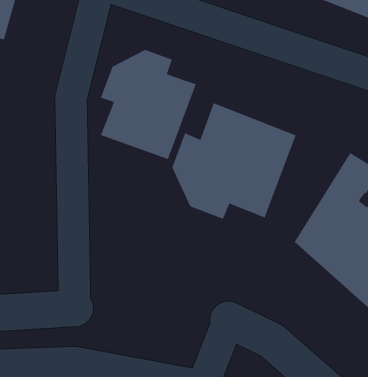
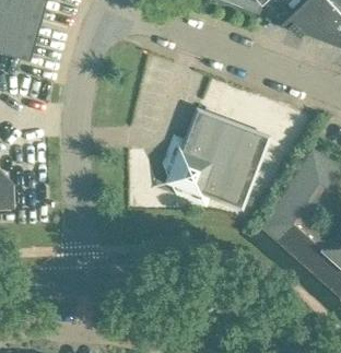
building: [100,49,197,160] -> none

